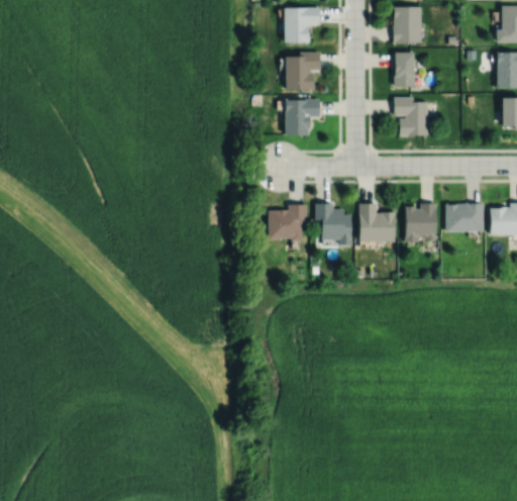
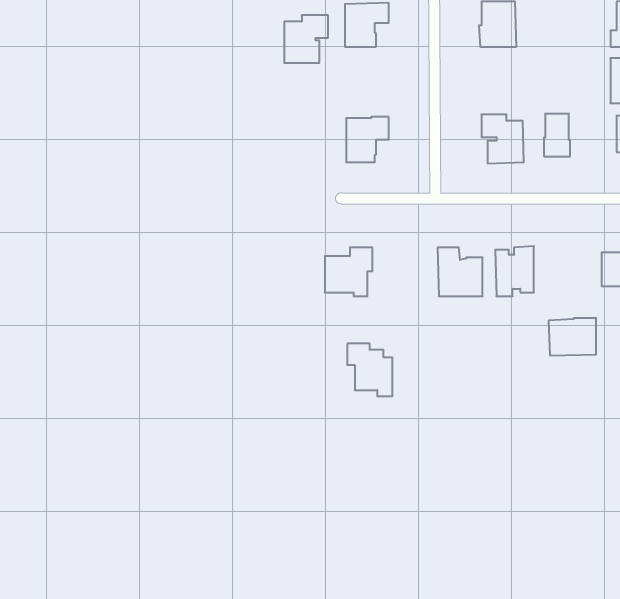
building: [285,52,320,90] -> [284,15,328,63]
building: [394,53,415,87] -> [544,114,570,156]
building: [445,203,484,233] -> [549,318,596,356]
building: [315,204,351,246] -> [347,344,392,396]

